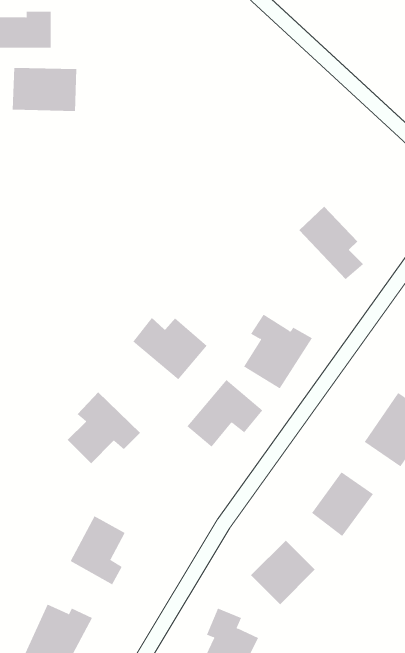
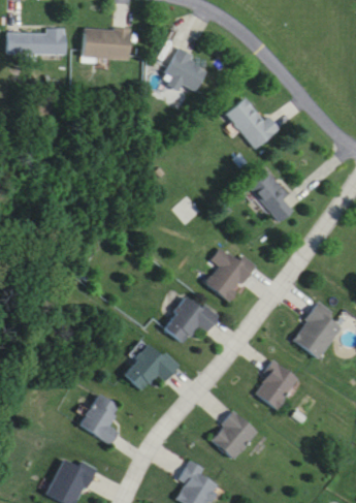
building: none -> [159,49,209,91]
building: [12,67,77,111] -> [84,28,131,60]
building: none -> [225,96,276,150]
building: [133,317,207,380] -> none
building: [67,392,141,464] -> [124,340,177,392]

